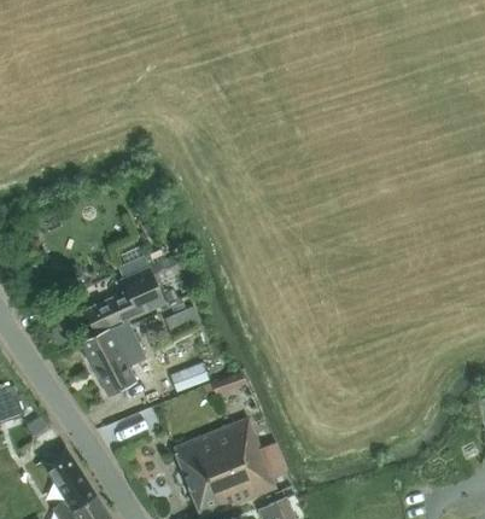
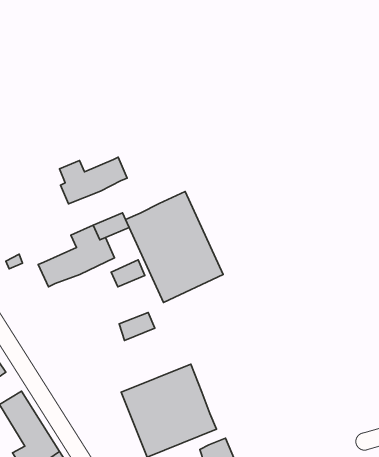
building: none -> [59,157,127,204]
building: none -> [125,191,223,302]
building: [81,321,147,396] -> none

